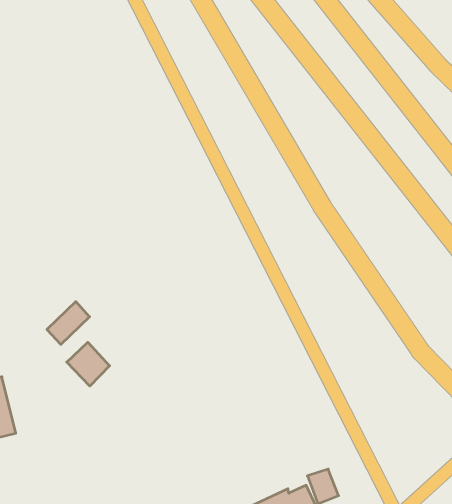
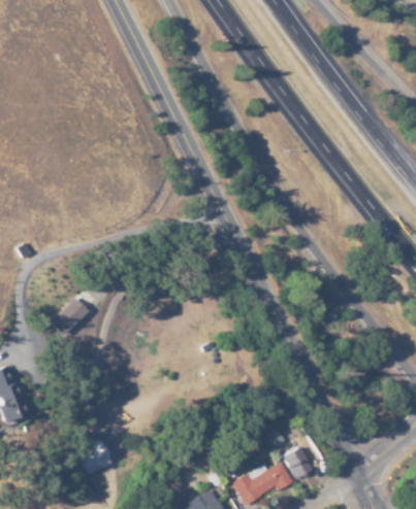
building: [67,342,110,386] -> none
building: none -> [78,441,110,474]

